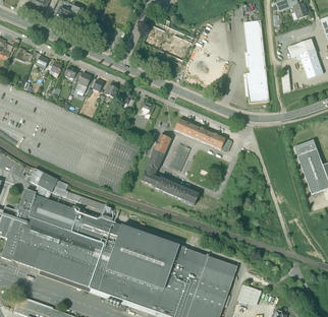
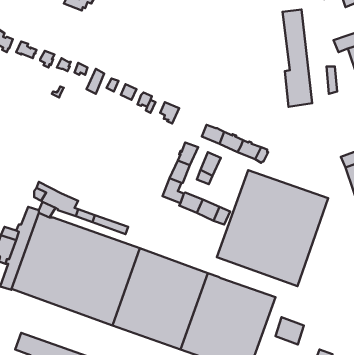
building: none -> [217,170,328,286]

